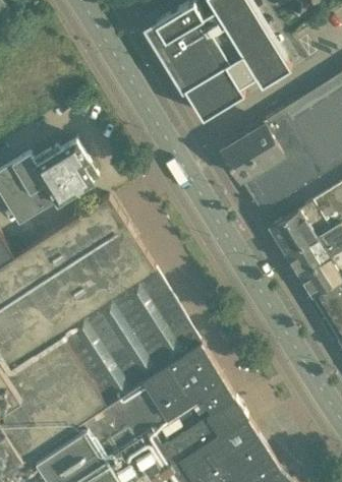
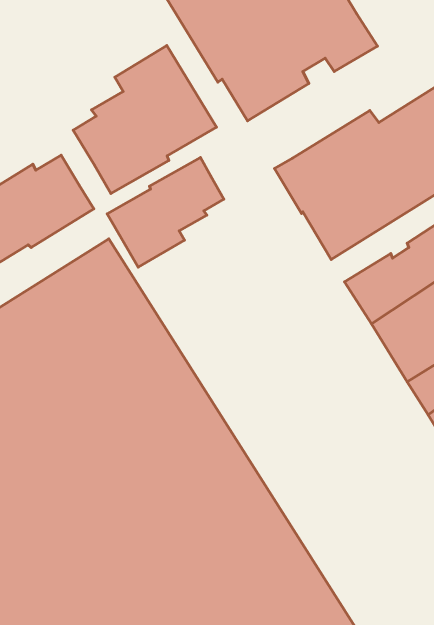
building: none -> [73,45,216,194]
building: none -> [107,158,224,267]

